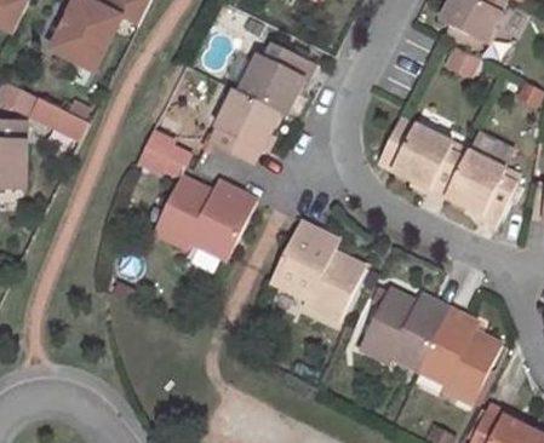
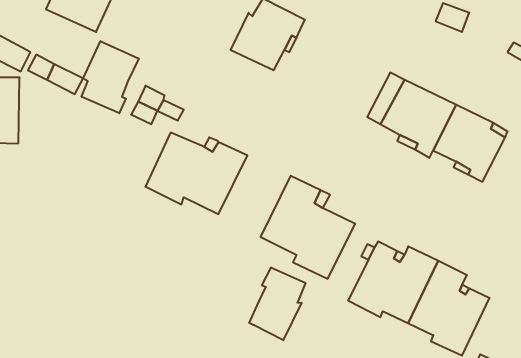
building: none -> [82,41,139,113]
building: [207,90,277,163] -> none
building: none -> [249,267,305,340]

